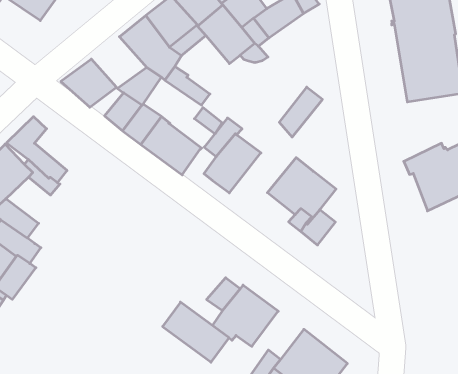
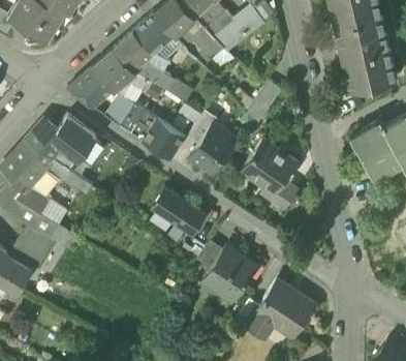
building: none -> [91,50,136,92]
building: none -> [49,116,97,162]
building: [163,302,229,362] -> [151,187,206,235]

